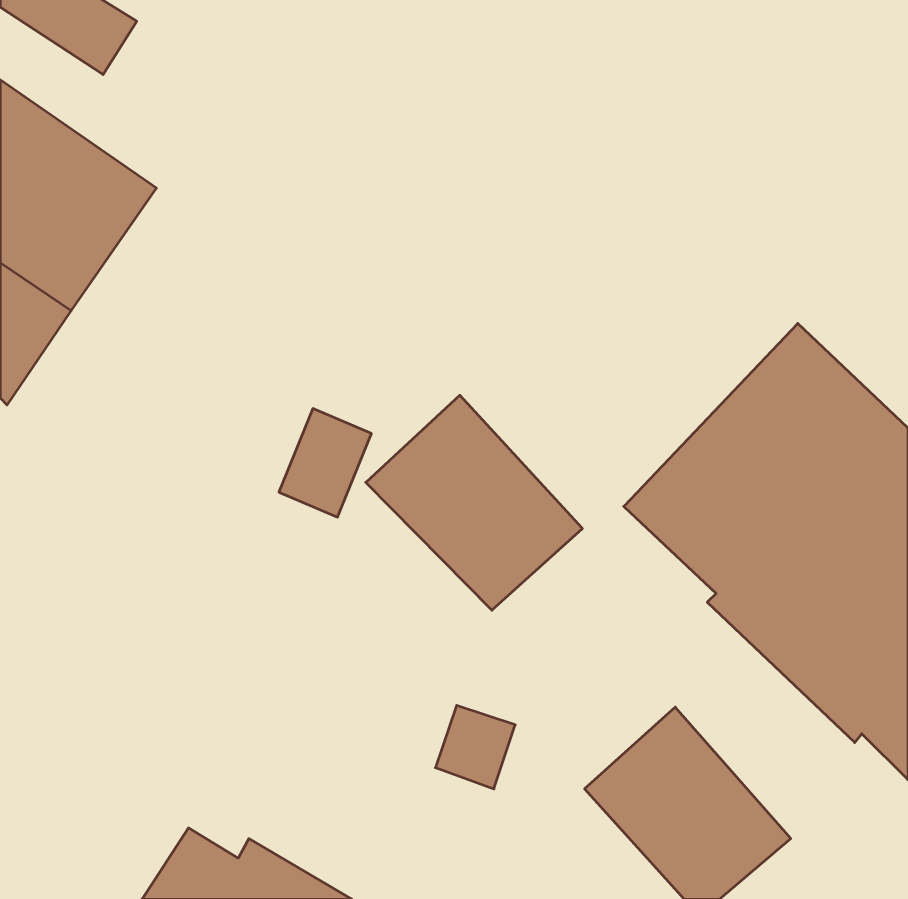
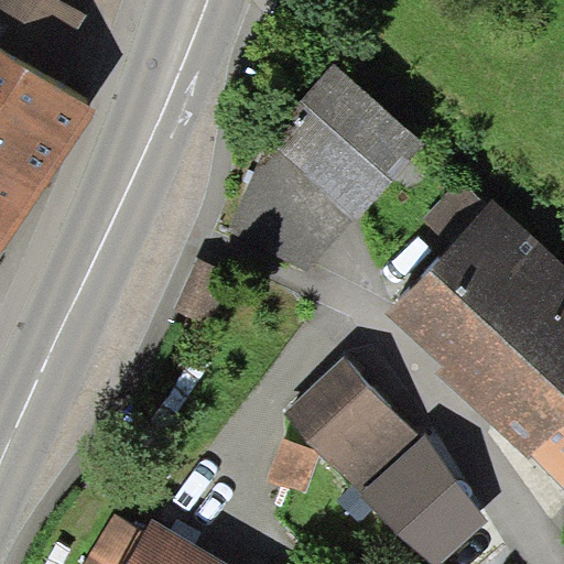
building: none -> [272,69,425,219]
building: [366,395,582,610] -> [284,356,419,489]

